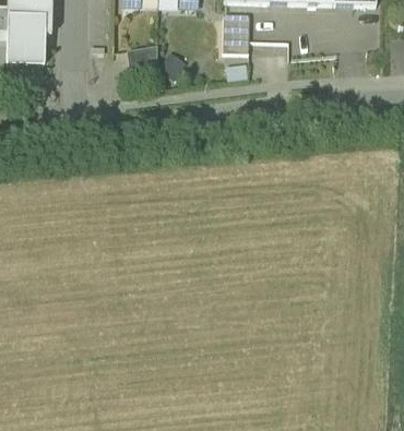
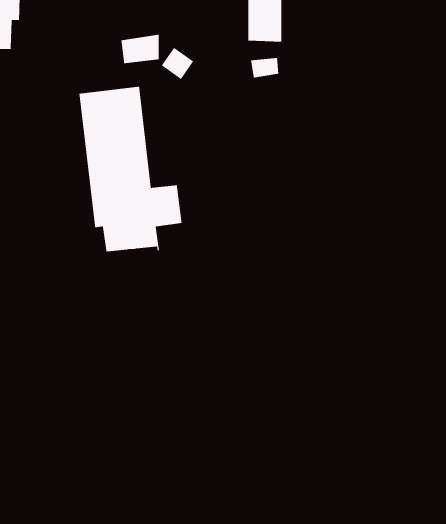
building: none -> [79,86,182,257]

